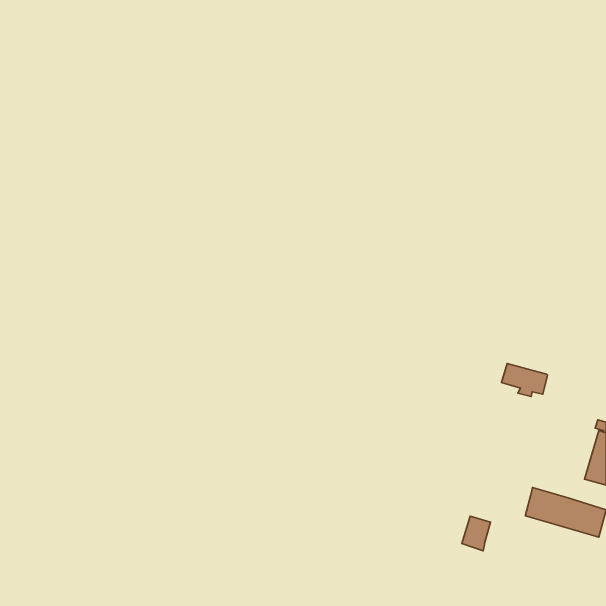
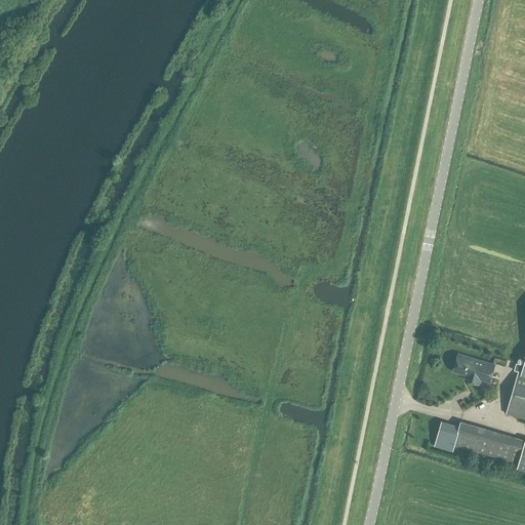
building: [501,363,548,397] -> [453,355,493,383]
building: [462,516,490,551] -> [435,421,459,451]

